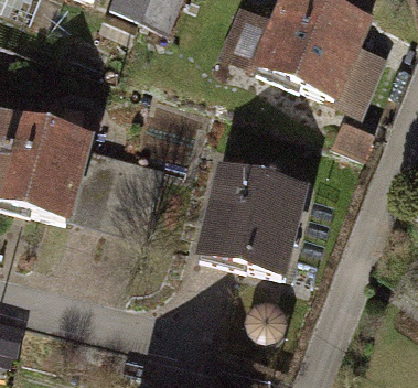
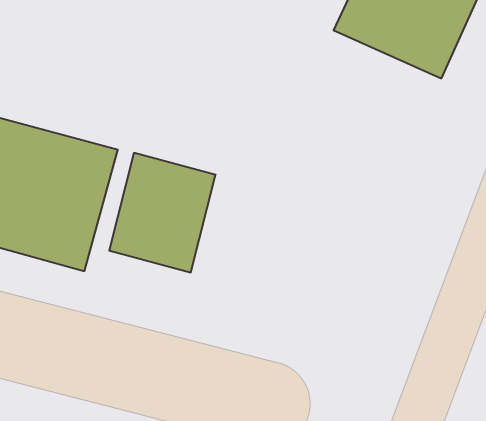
building: [194,180,302,293] -> none

